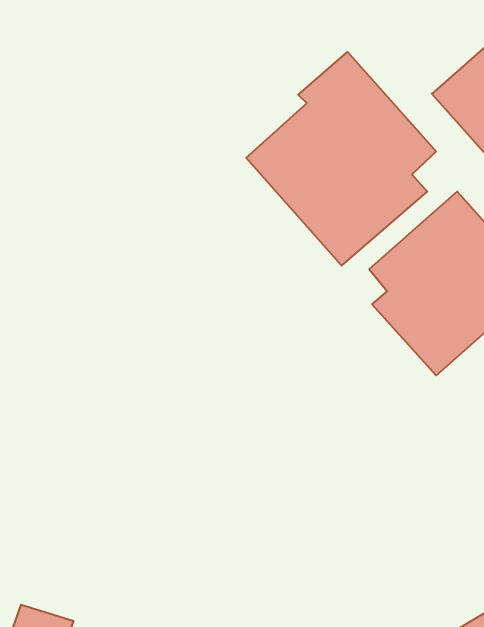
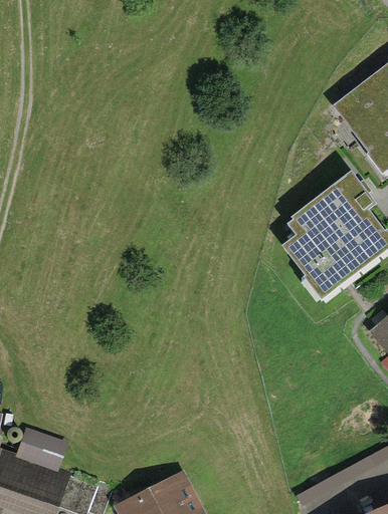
building: [246,52,436,266] -> none

